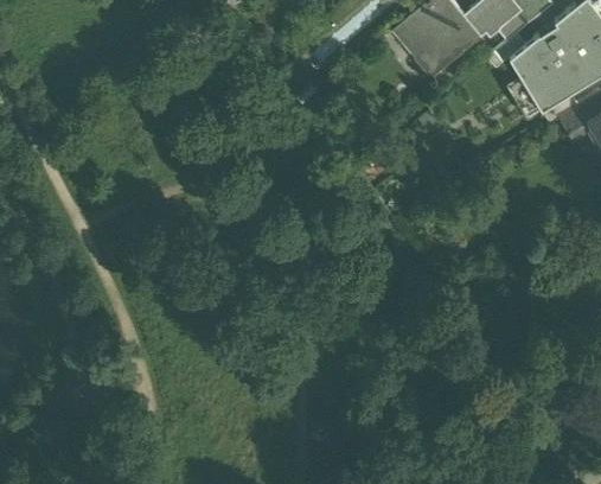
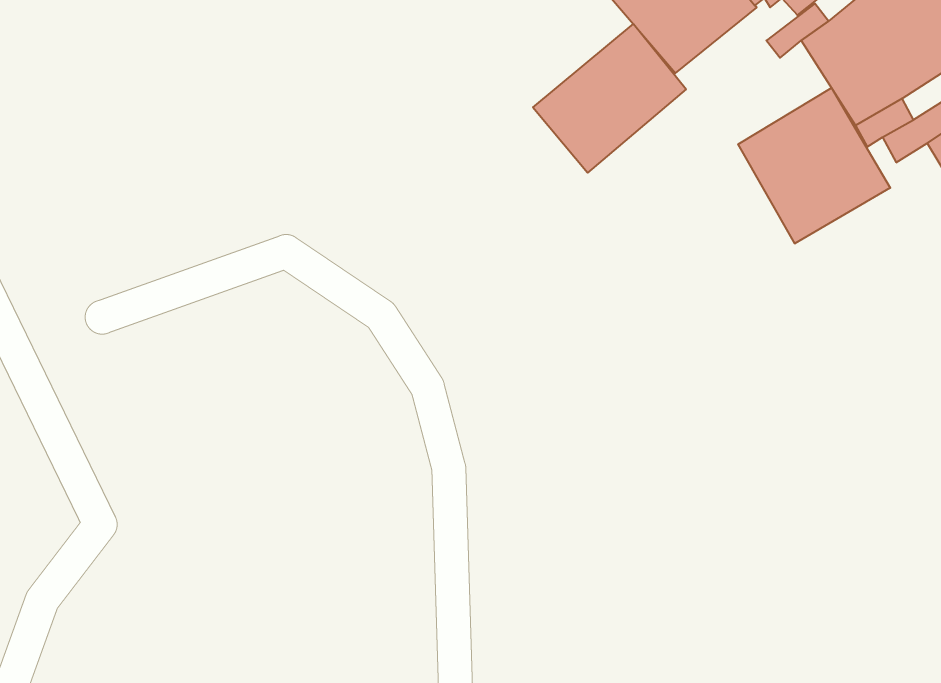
building: none -> [533,24,686,173]
building: none -> [738,88,890,244]

